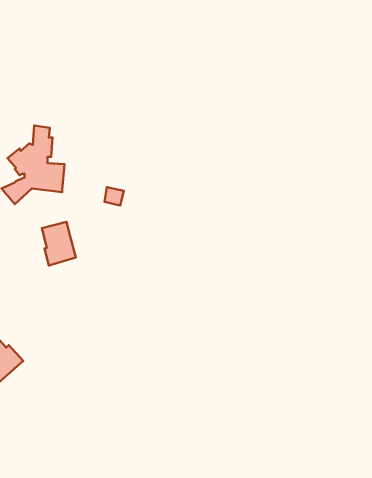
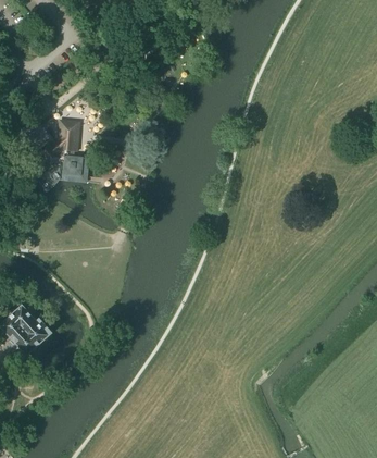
building: [42,222,76,265] -> none

